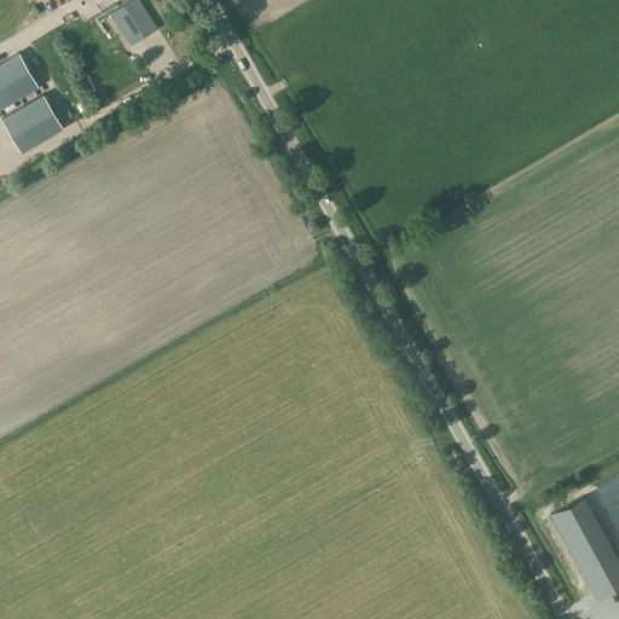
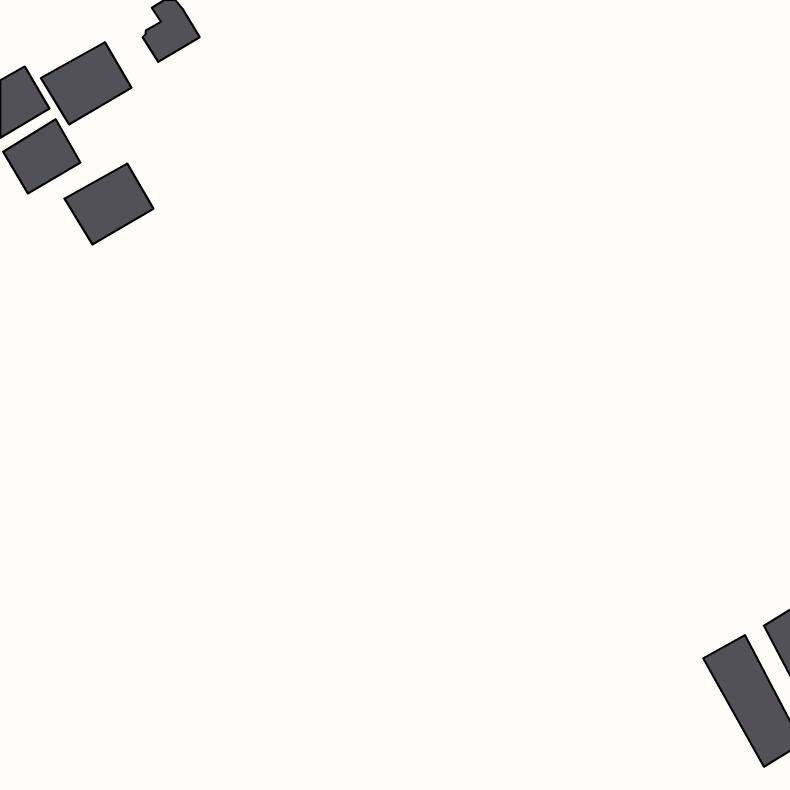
building: none -> [41,42,131,125]
building: none -> [64,163,153,245]

